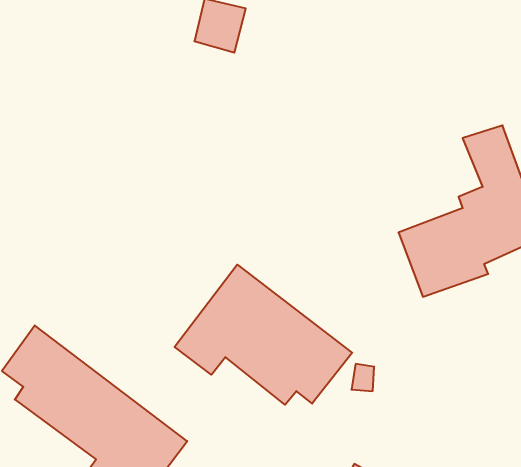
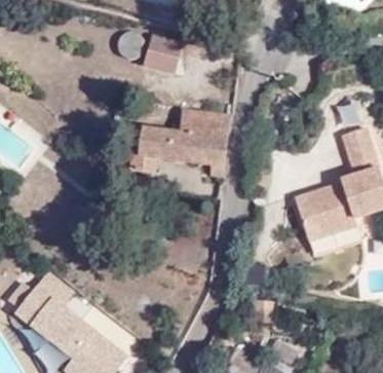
building: none -> [130,107,232,176]
building: [175,265,352,405] -> none

